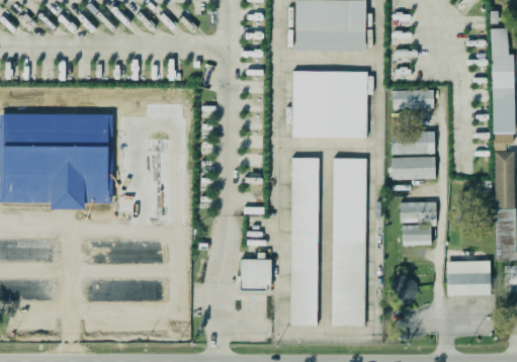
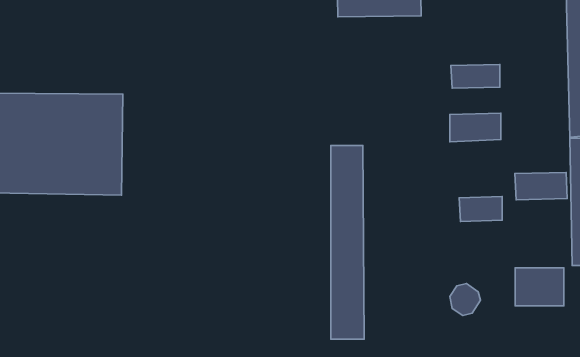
building: [291,72,367,138] -> none
building: [392,157,436,180] -> [515,172,567,200]
building: [333,158,364,326] -> none
building: [402,224,432,245] -> none
building: [240,259,272,294] -> none

